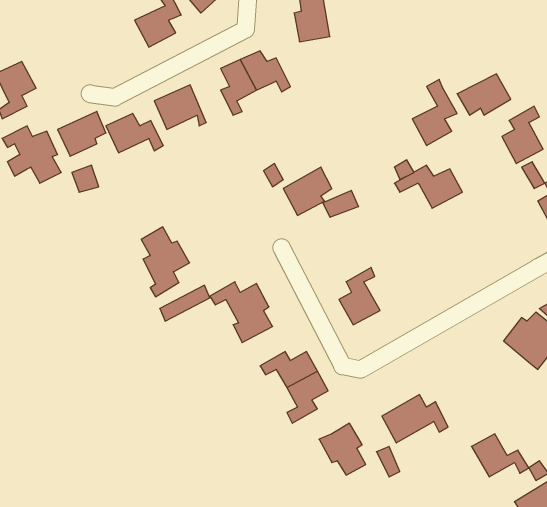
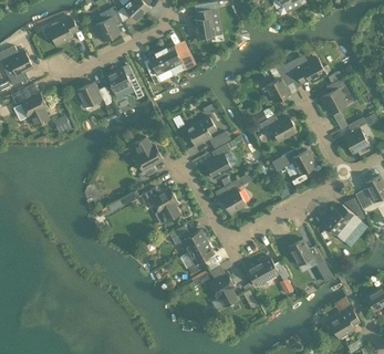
building: [58,111,106,156] -> [46,18,76,45]
building: none -> [204,144,230,179]
building: none -> [279,148,314,175]
building: [141,227,190,297] -> [132,137,162,180]
building: [471,434,529,477] -> [287,239,322,266]

